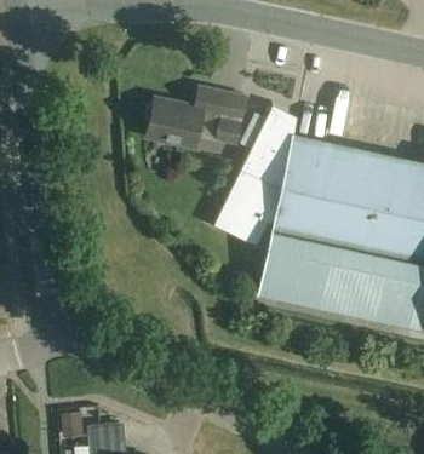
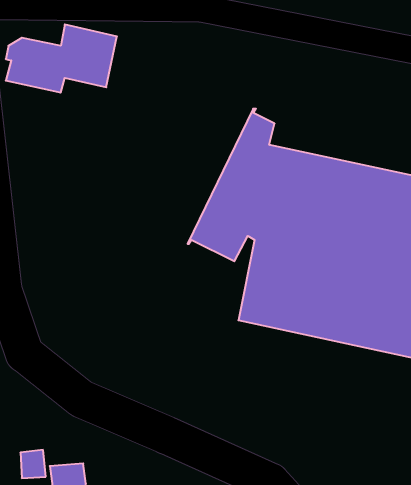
building: [147,87,247,149] -> [6,24,117,93]

